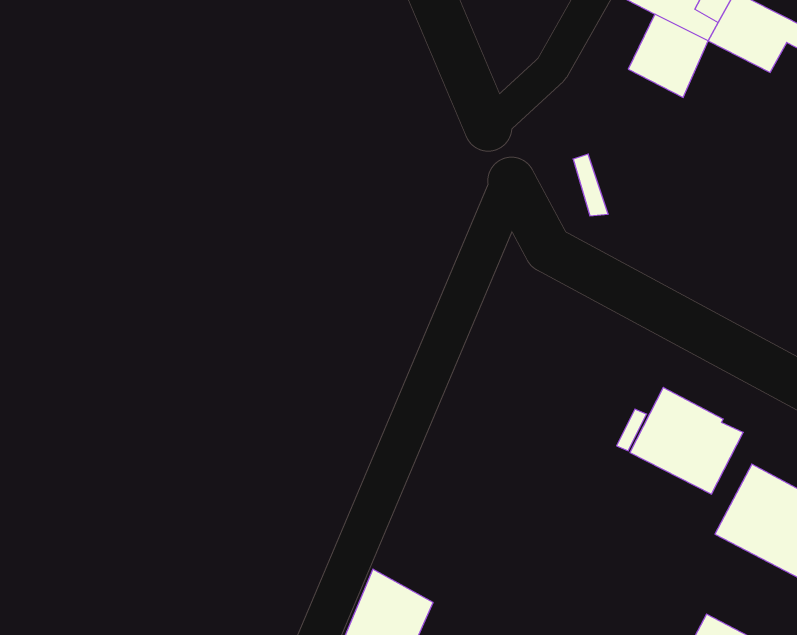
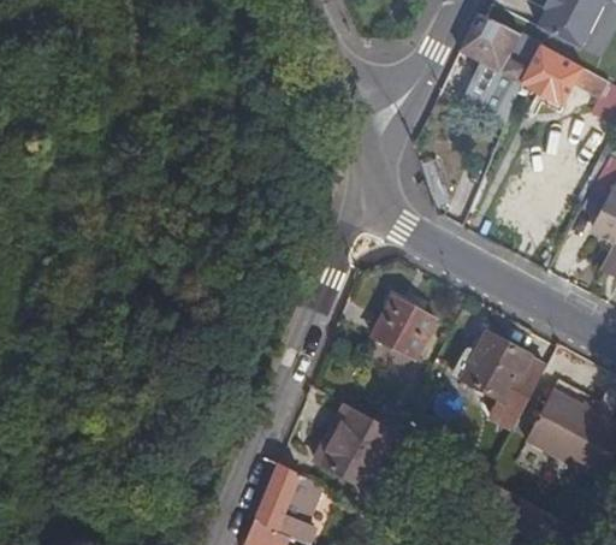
building: none -> [374,295,437,355]
building: none -> [314,405,398,488]

